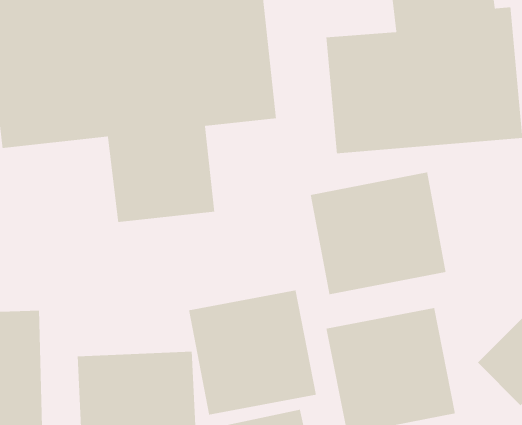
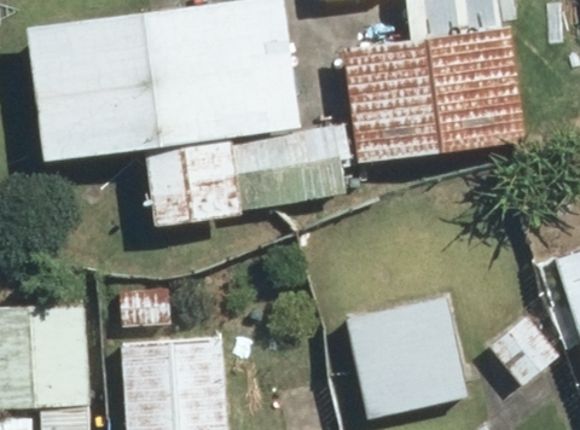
building: [310,172,447,295] -> none
building: [188,290,317,416] -> none

